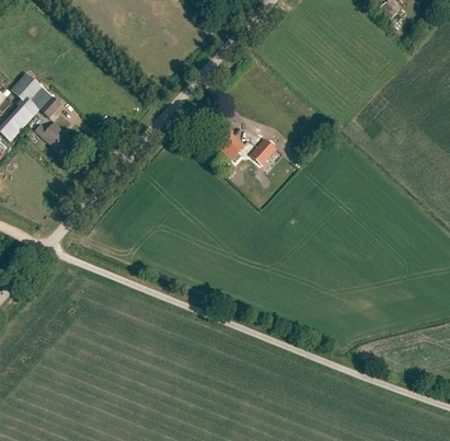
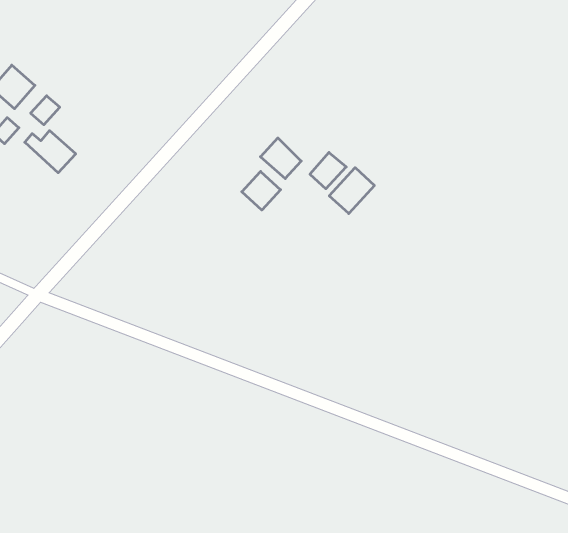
building: none -> [329,168,374,214]
building: none -> [242,171,281,210]

